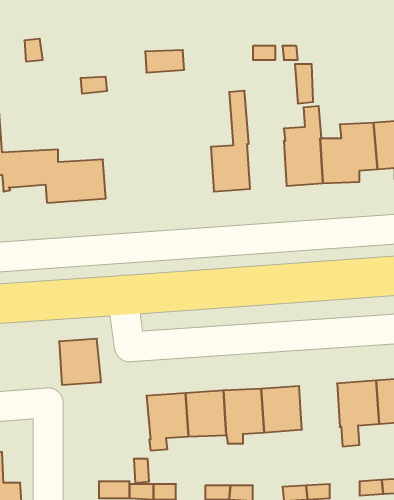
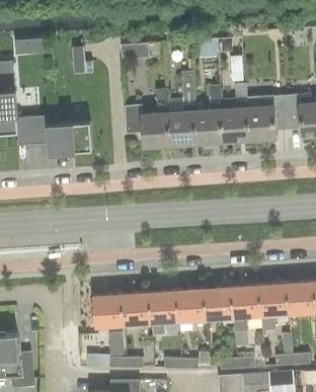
building: none -> [194,86,223,144]
building: none -> [125,89,170,147]
building: [59,339,101,385] -> [94,294,125,327]
building: none -> [232,285,261,332]

